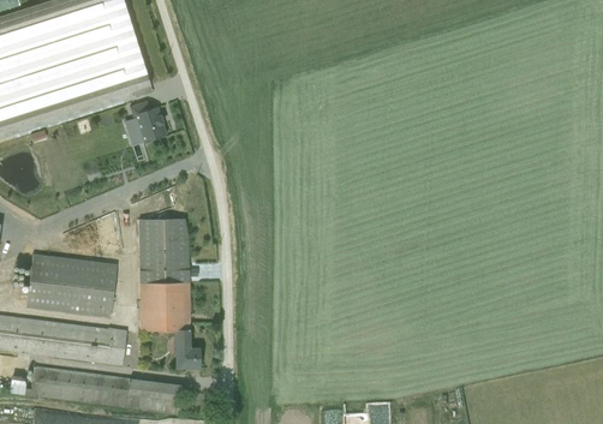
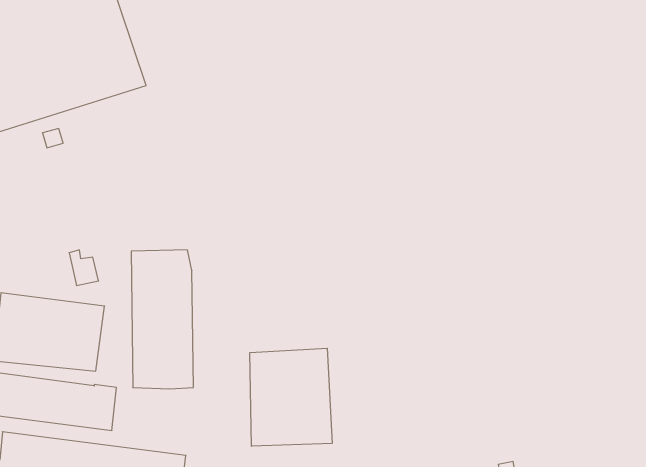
building: [130,101,166,143] -> none
building: none -> [250,348,332,446]
building: [169,330,199,369] -> none

